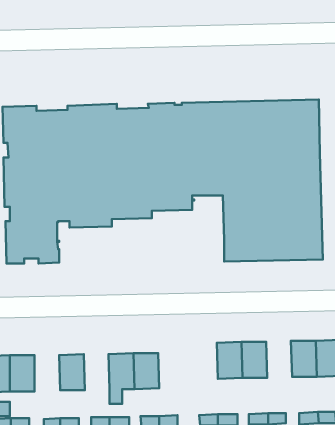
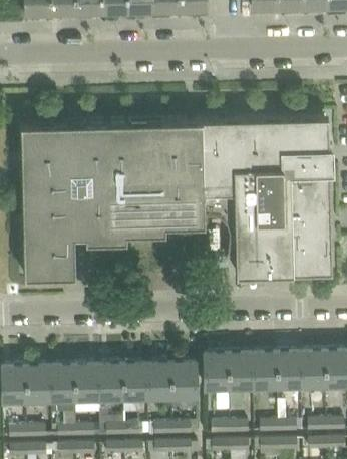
building: none -> [277,350,302,386]
building: none -> [205,352,230,387]
building: none -> [171,361,197,406]
building: none -> [99,363,124,398]
building: none -> [51,364,76,412]

